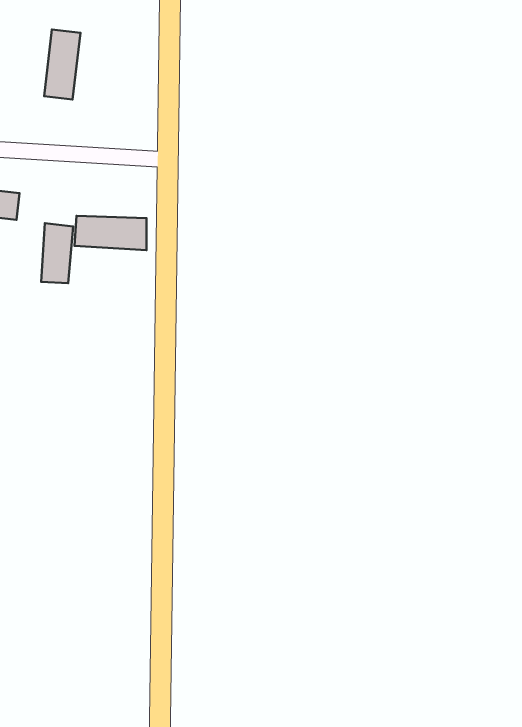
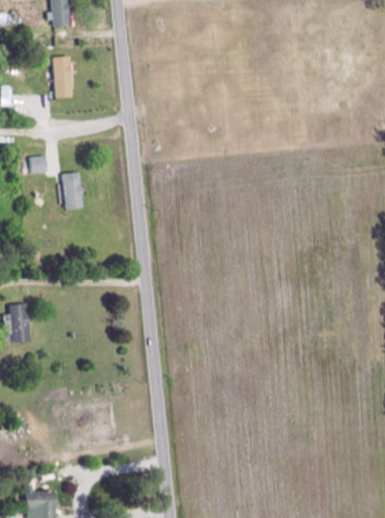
building: [74,216,146,250] -> none

